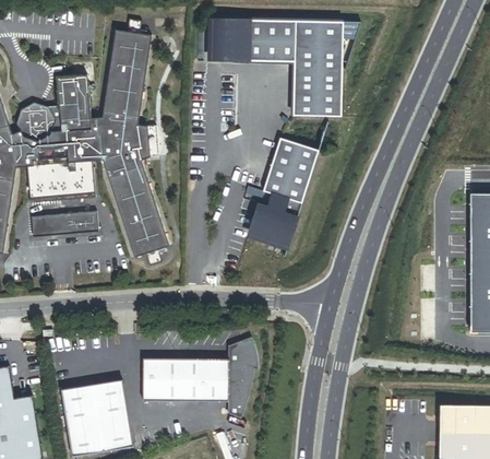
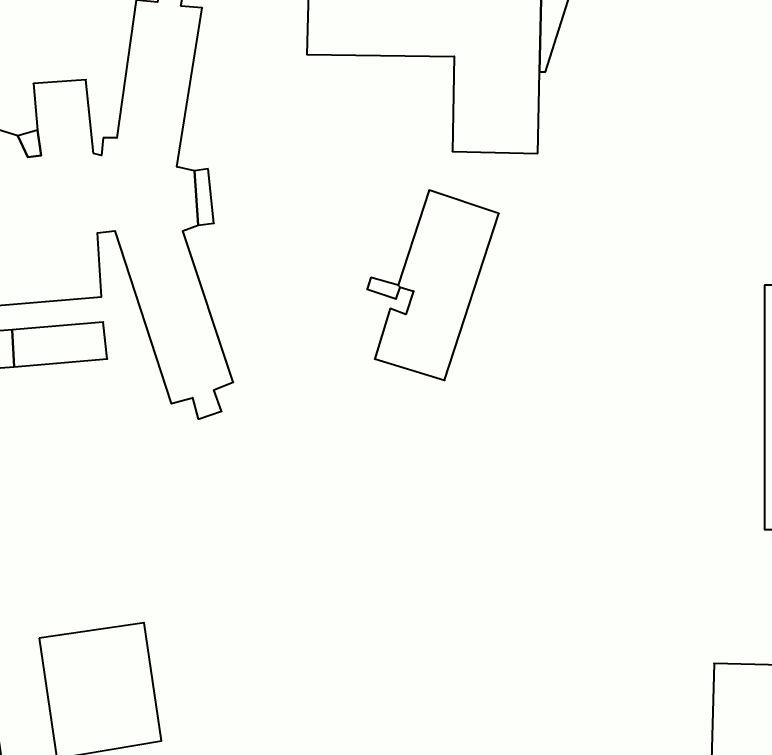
building: [140,339,258,423] -> none

